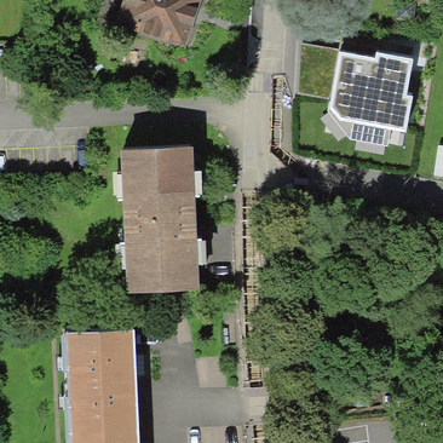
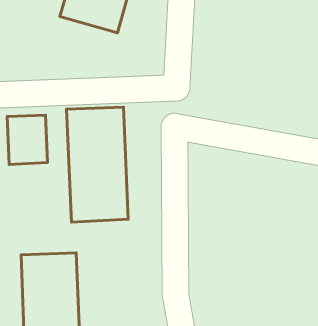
building: [323,53,404,145] -> none
building: none -> [7,115,48,165]

